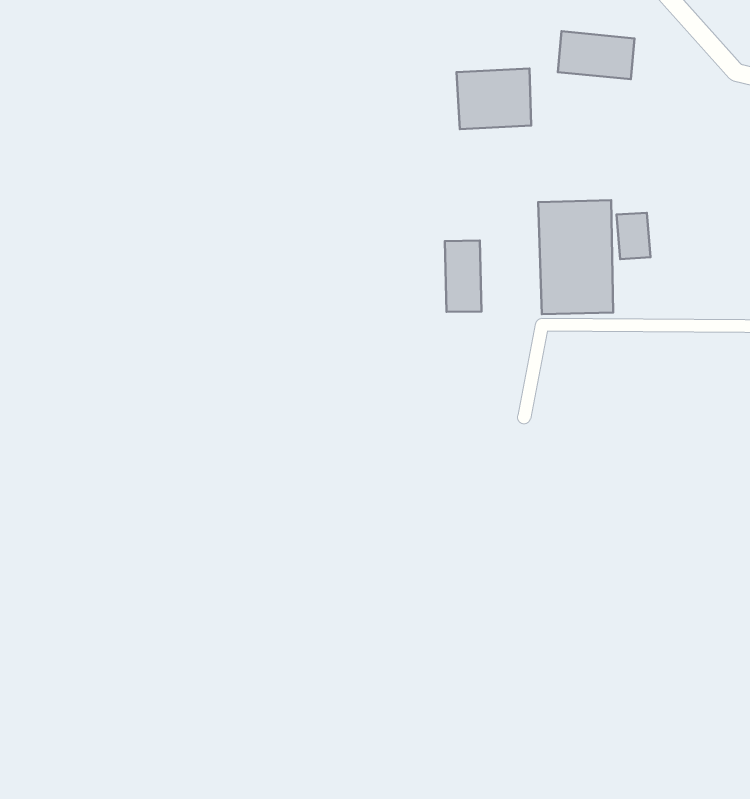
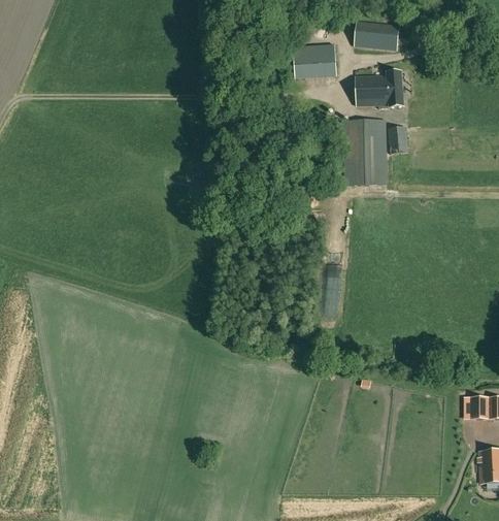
building: none -> [355,71,403,108]
building: [445,241,482,312] -> none

